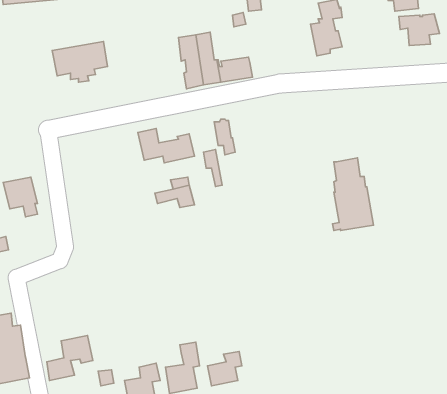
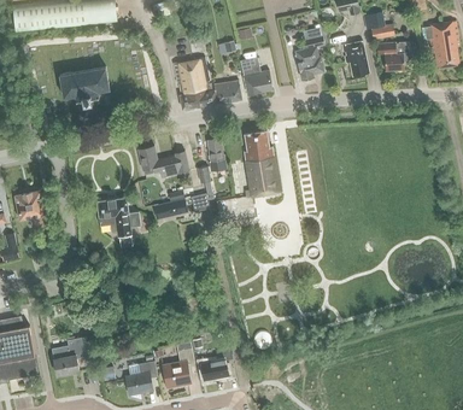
building: none -> [342,41,369,76]
building: none -> [240,57,272,94]
building: [333,158,373,230] -> [244,130,281,197]
building: none -> [96,198,141,247]

